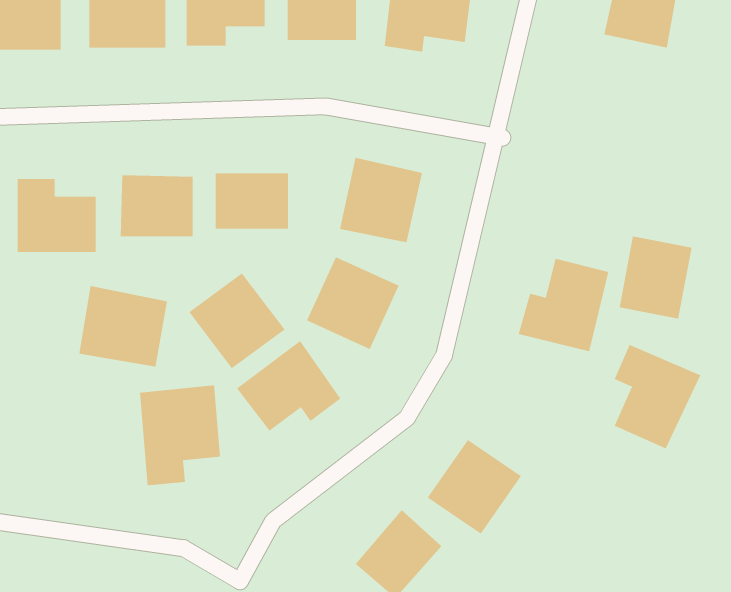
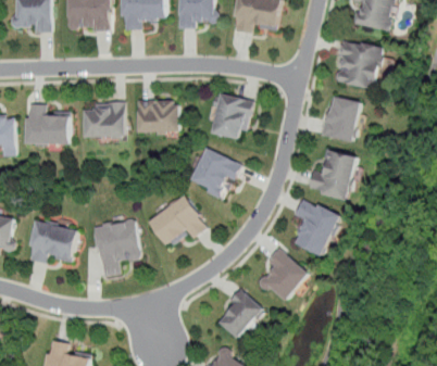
building: none -> [334,39,383,88]
building: [619,236,693,319] -> [321,94,362,141]
building: [189,273,285,369] -> none
building: [78,286,168,367] -> [27,219,77,265]
building: [614,344,701,449] -> [292,197,341,255]

